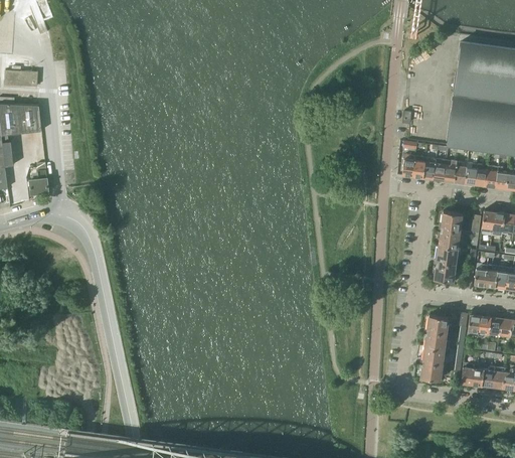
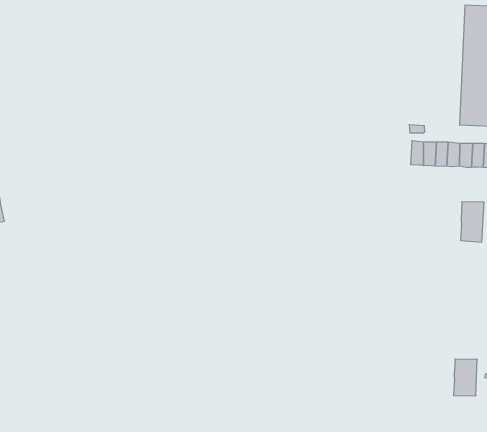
building: [435,245,458,282] -> none
building: [425,315,449,348] -> none

